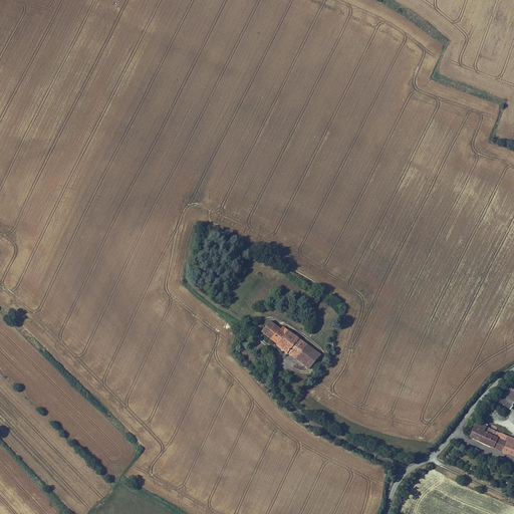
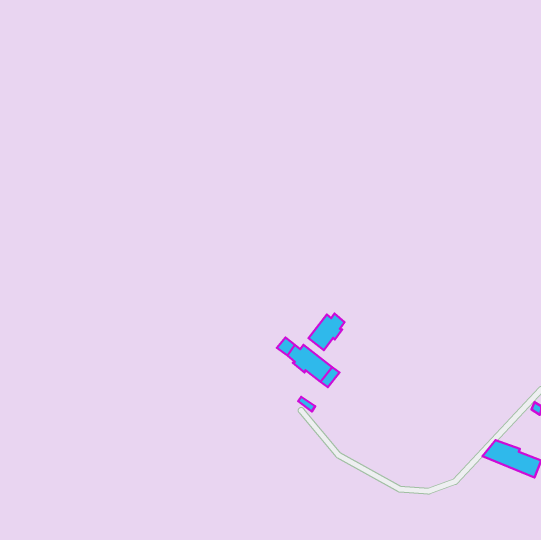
building: none -> [308,314,345,350]

